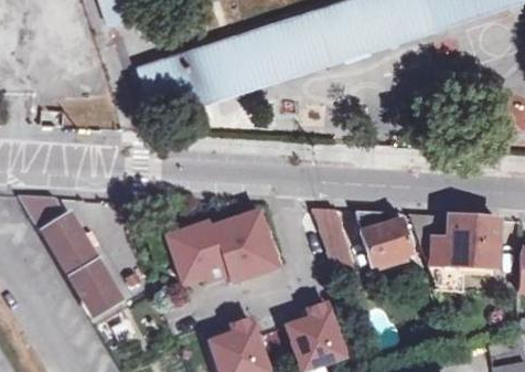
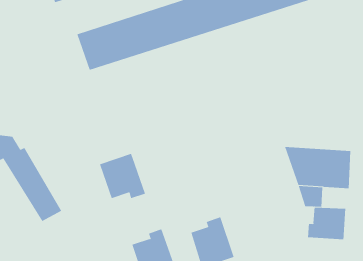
building: [312,209,357,278] -> none
building: [352,211,408,265] -> none
building: [213,212,278,284] -> none
building: none -> [308,207,346,240]

